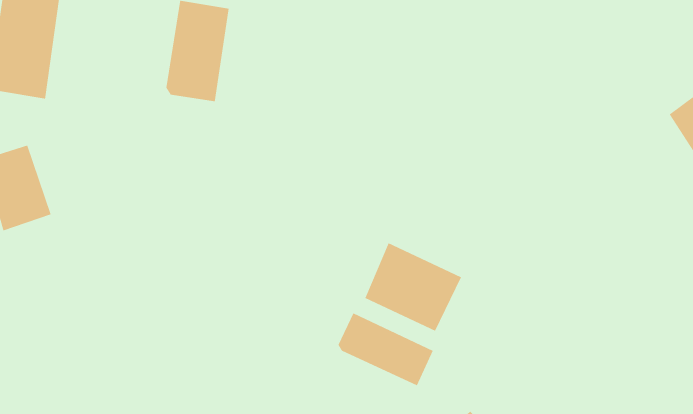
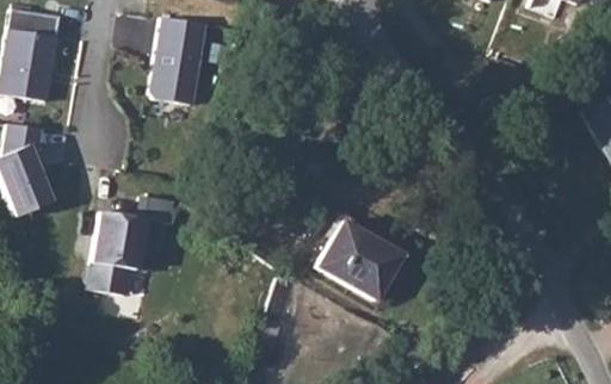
building: none -> [90,194,180,293]
building: [338,312,433,386] -> none

